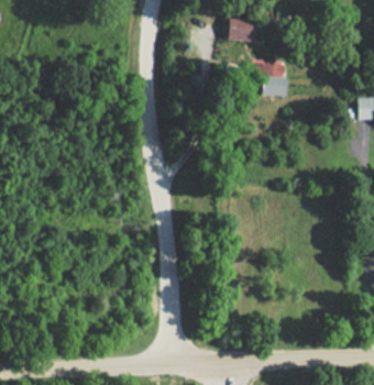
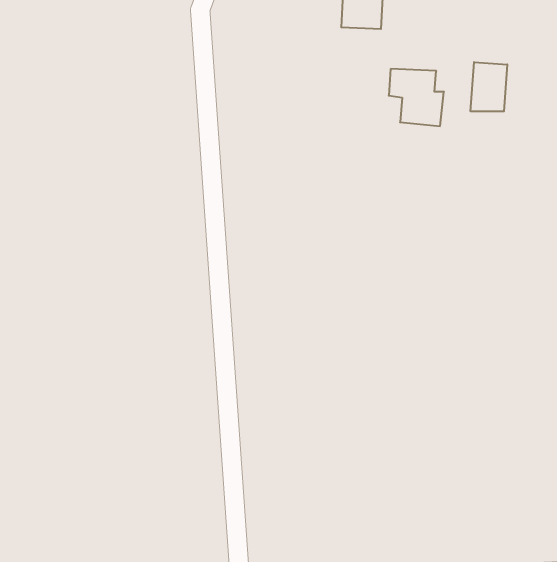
building: none -> [471,62,507,111]

